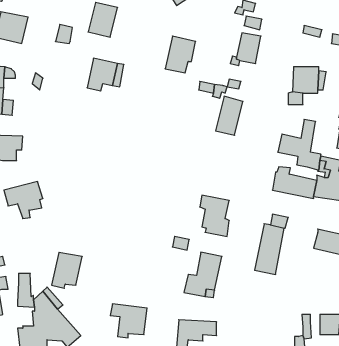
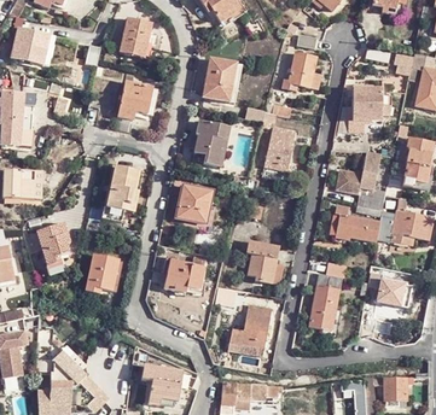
building: none -> [191,122,227,168]
building: none -> [106,165,143,220]
building: none -> [175,185,211,224]
building: none -> [163,256,204,293]
building: [52,252,82,288] -> [82,255,117,296]

